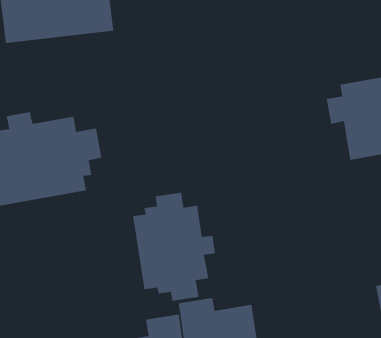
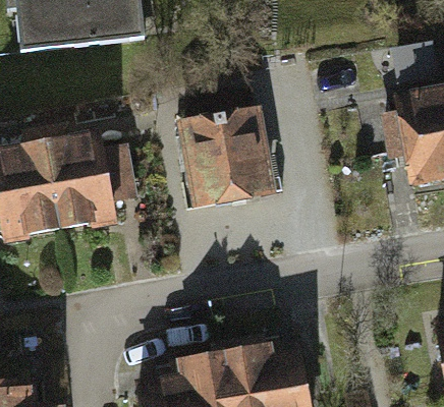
building: none -> [186,111,283,196]
building: [132,192,216,302] -> none

